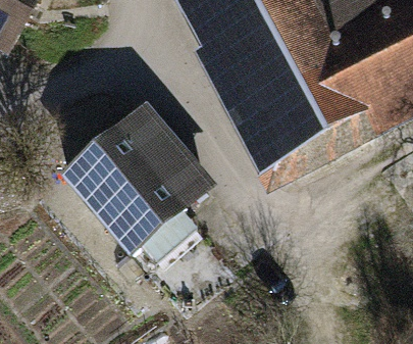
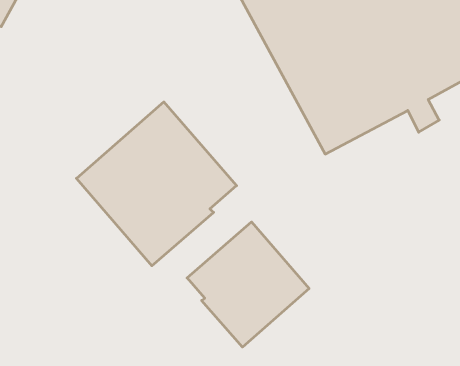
building: none -> [187,222,309,347]

